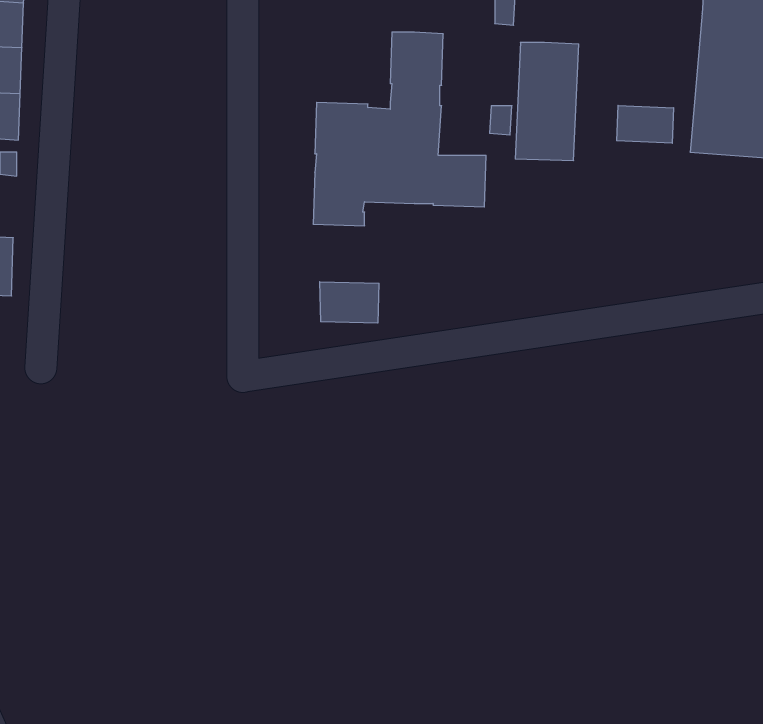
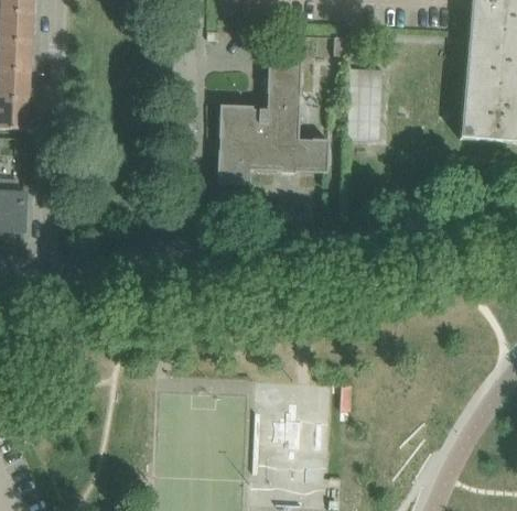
building: [617,105,674,143] -> none
building: [320,282,379,323] -> none

